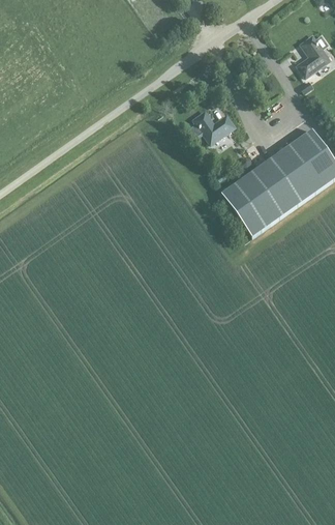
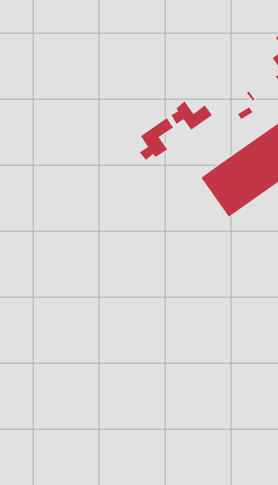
building: none -> [139,117,174,161]

